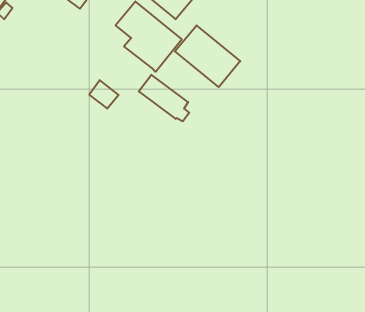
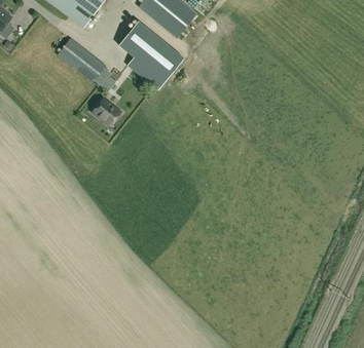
building: [175,25,240,87] -> none
building: [139,75,189,121] -> [58,37,107,82]

